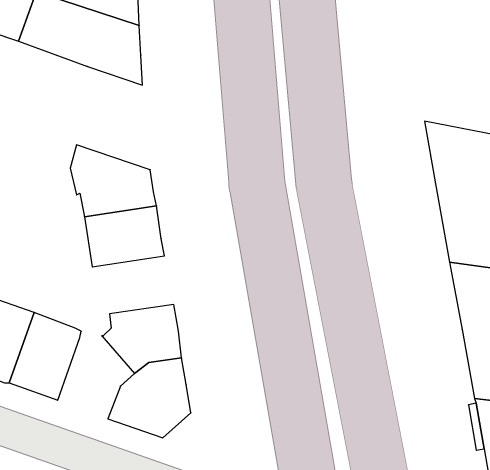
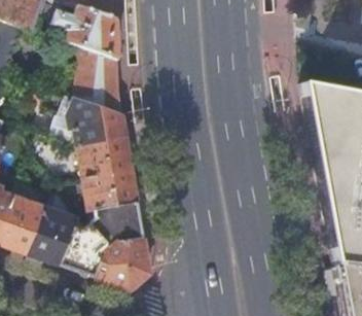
building: none -> [76,45,124,113]
building: none -> [86,170,140,209]
building: none -> [64,222,114,277]

